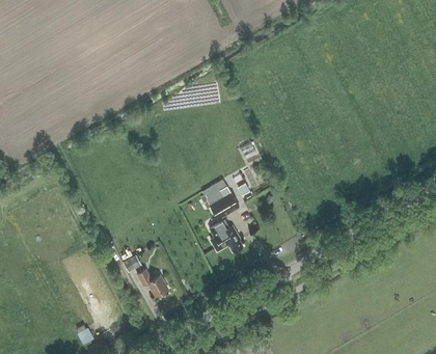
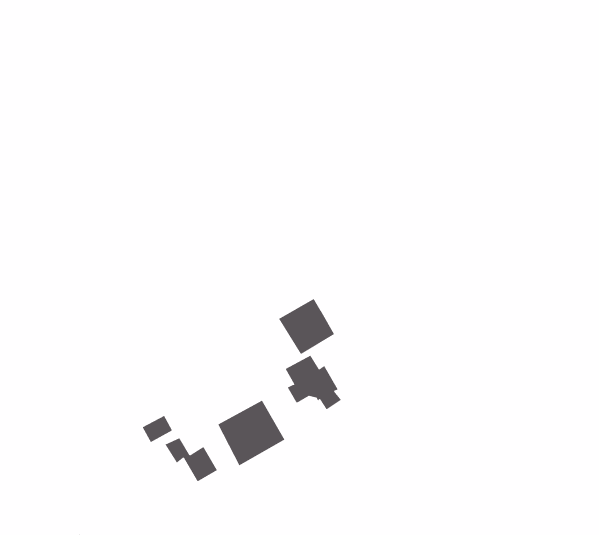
building: none -> [217,400,285,466]

